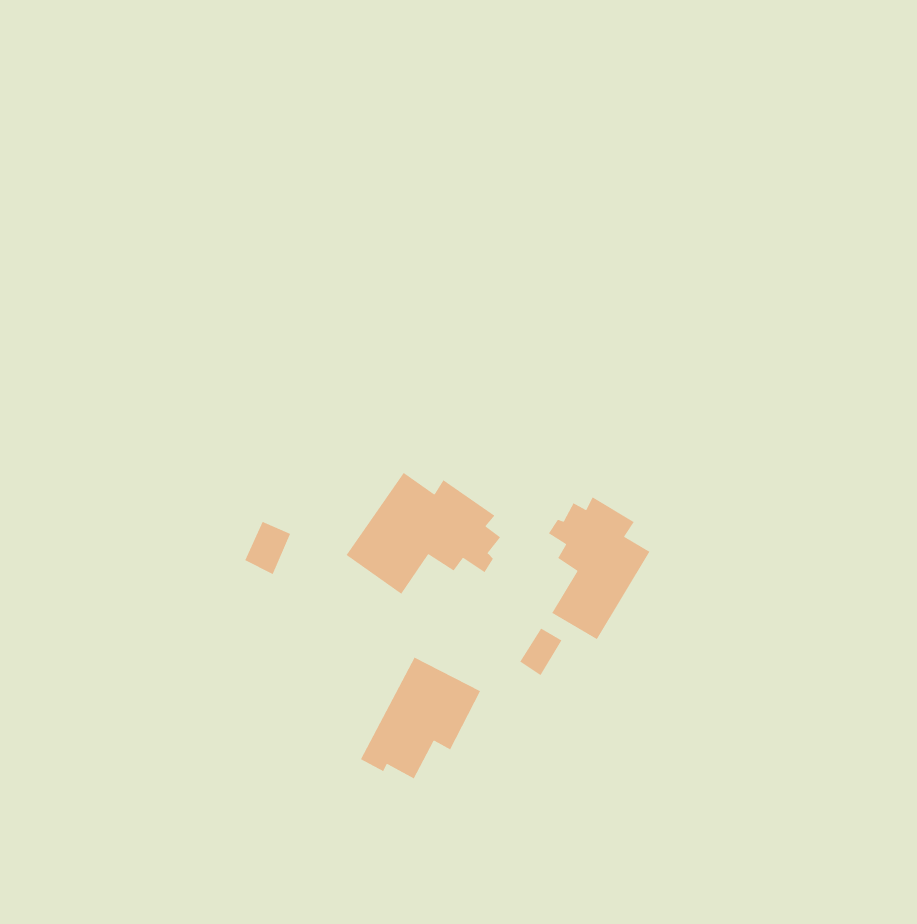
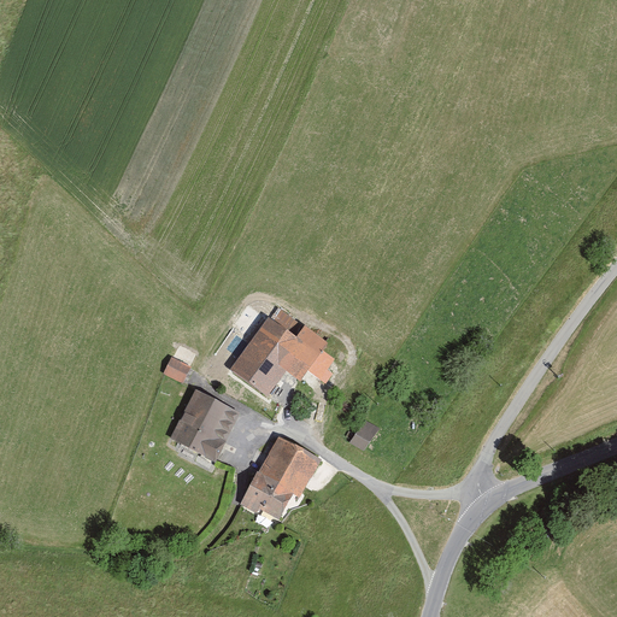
building: [548,496,650,640] -> none
building: none -> [169,388,239,462]

